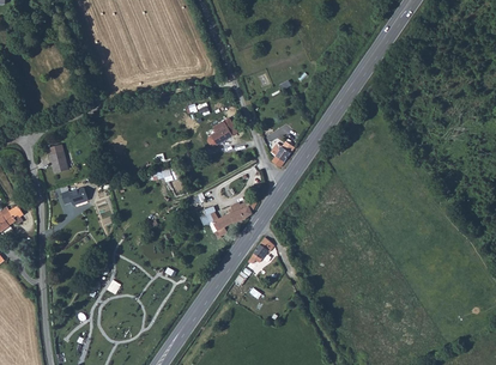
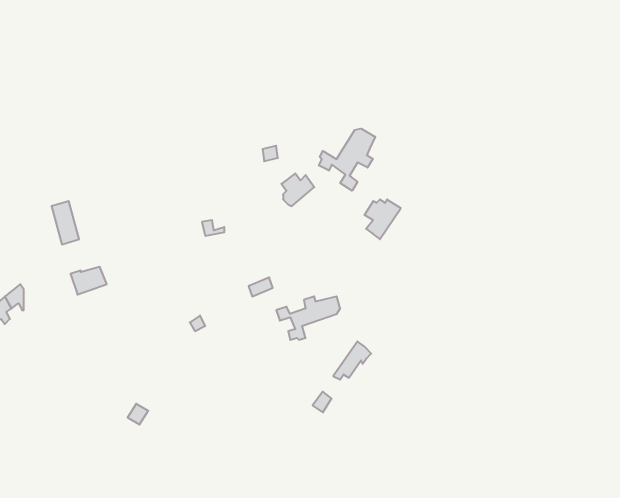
building: none -> [319,129,375,191]

